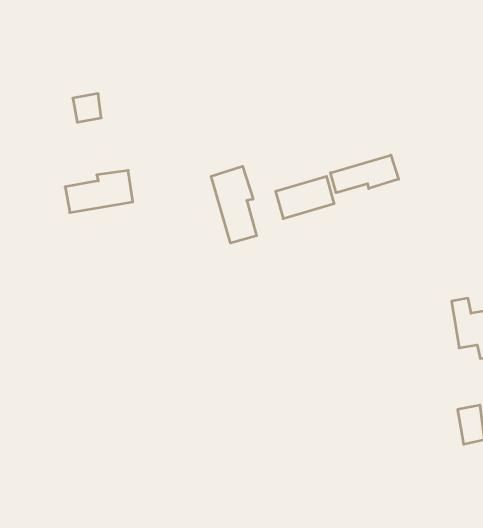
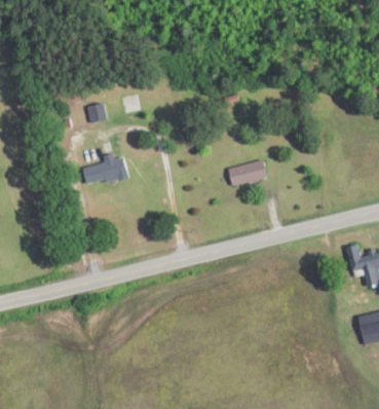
building: [330,155,399,193] -> none
building: [211,166,257,243] -> none

